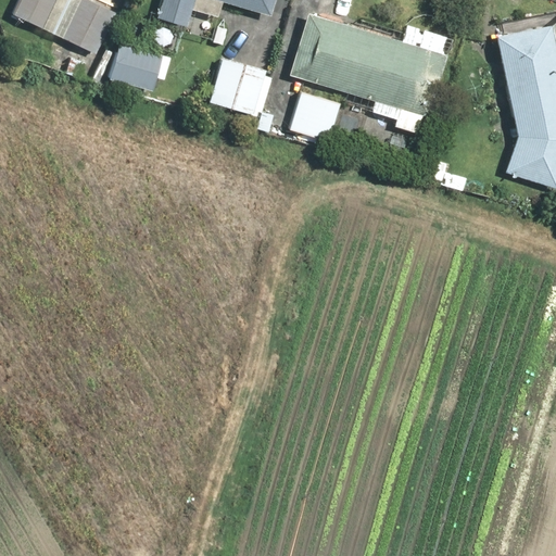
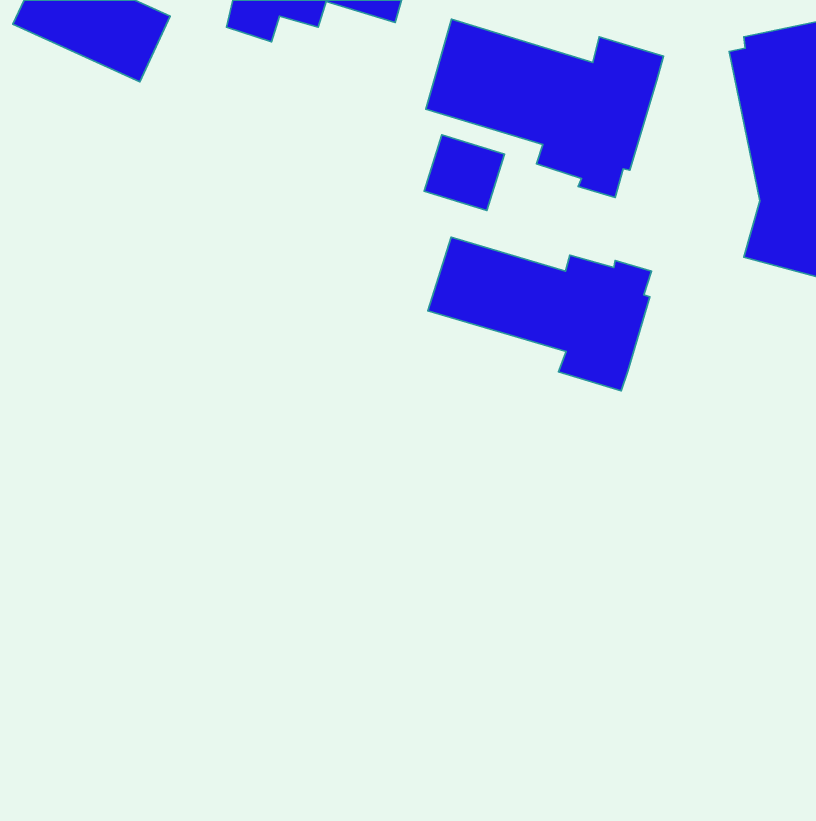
building: [110,42,163,90] -> none
building: [210,58,266,113] -> none
building: none -> [428,237,651,391]

